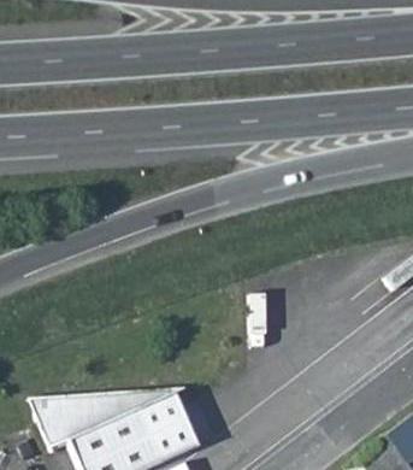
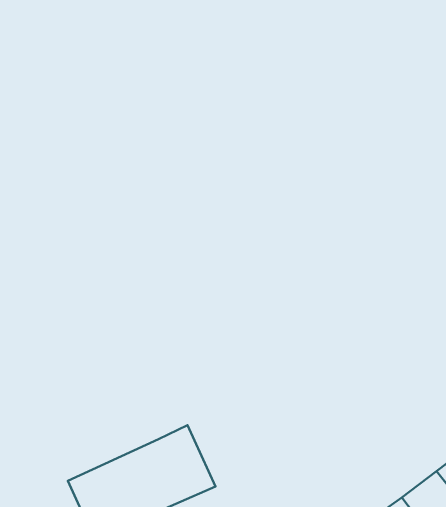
building: [34,393,153,451] -> none

